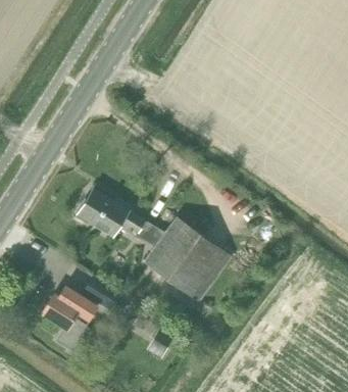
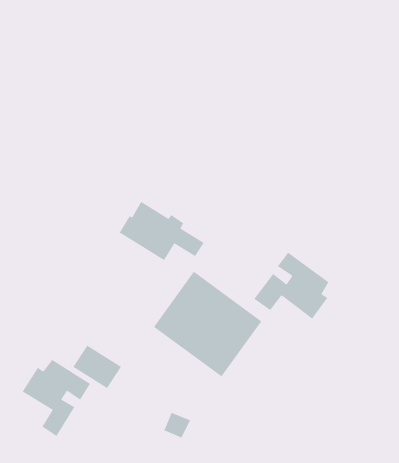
building: [77,189,144,236] -> [119,201,205,261]
building: none -> [253,252,329,319]

